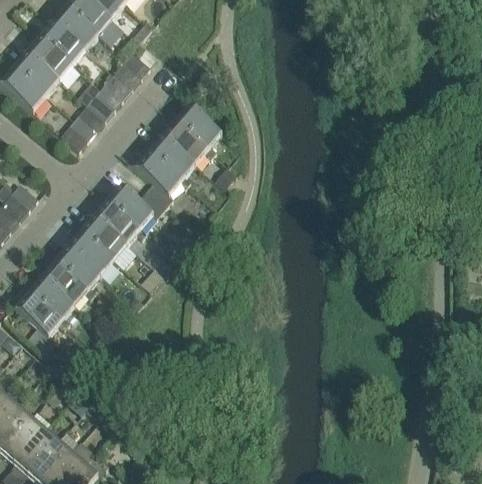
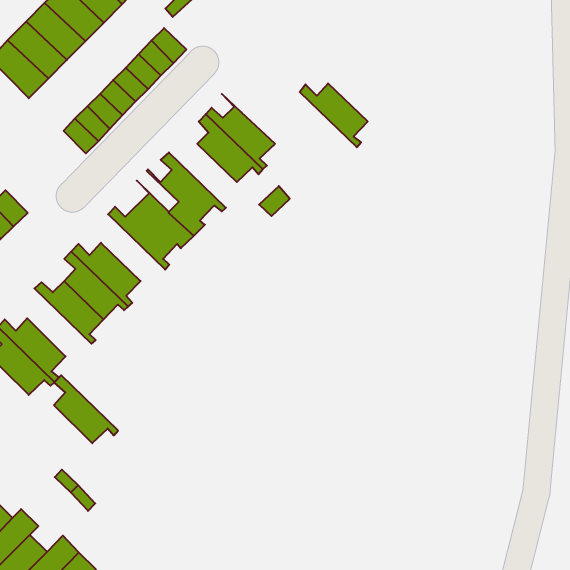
building: [141,139,194,186] -> [300,83,368,147]
building: [93,197,144,246] -> none
building: [41,257,92,307] -> [54,375,118,443]

